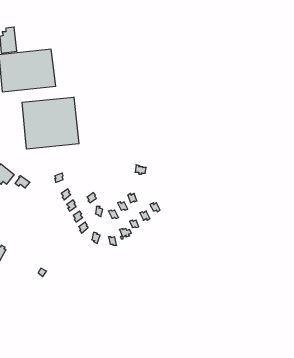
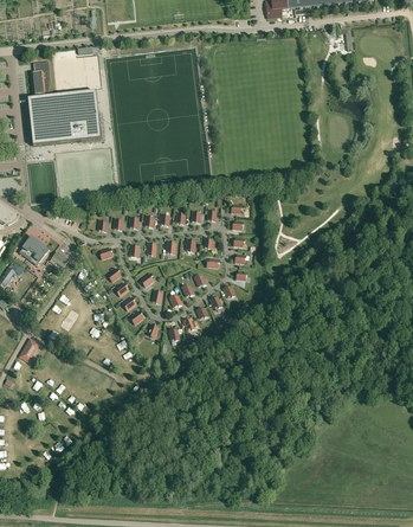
building: [22,97,79,149] -> none

